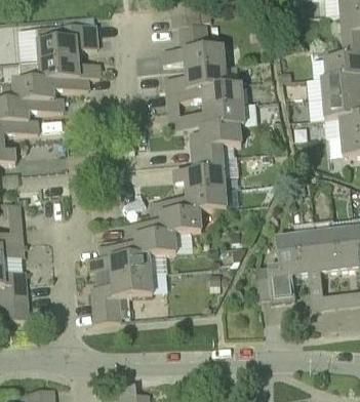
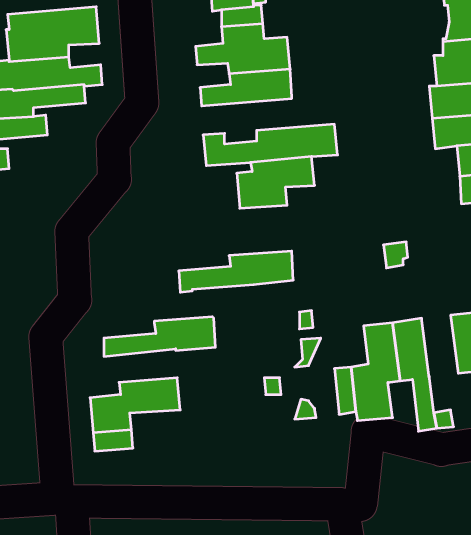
building: [166,83,255,110] -> none
building: [172,157,227,191] -> none
building: [125,210,202,237] -> none
building: [314,231,338,273] -> none
building: [88,253,150,276] -> none

